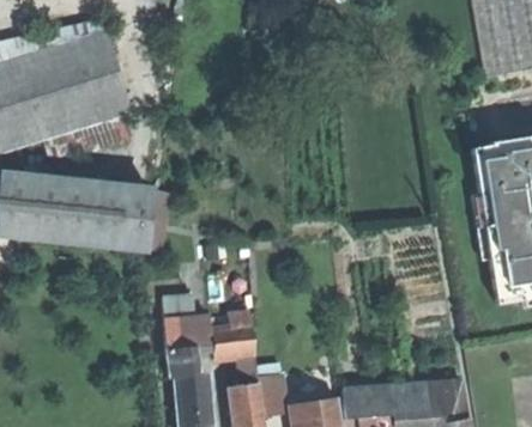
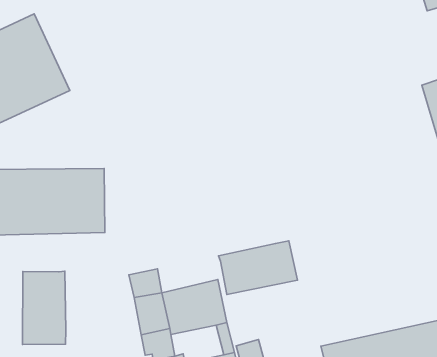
building: none -> [22,271,66,345]
building: none -> [219,241,298,294]

